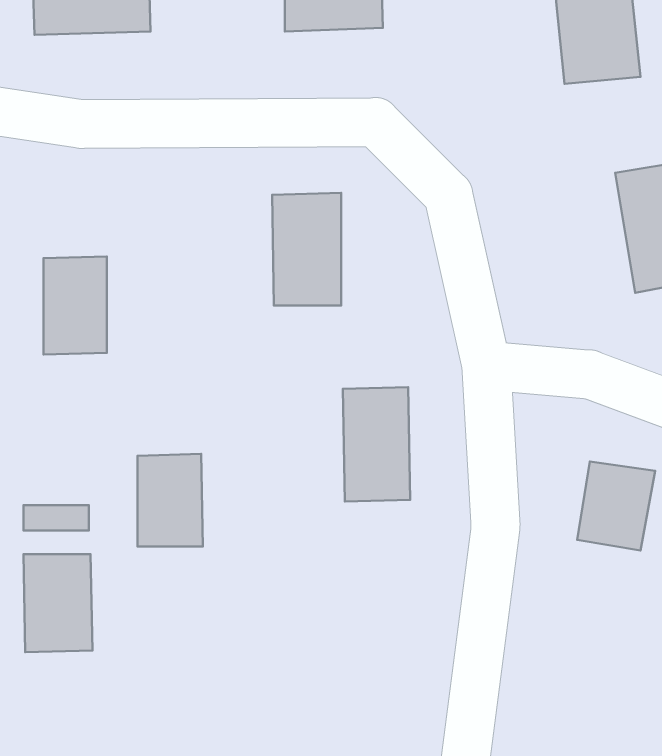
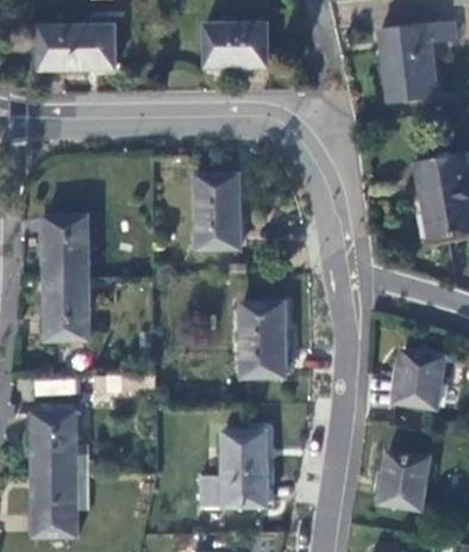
building: [138,454,203,546] -> [44,278,87,339]
building: none -> [204,429,265,506]
building: none -> [380,448,429,507]
building: none -> [32,473,77,535]

